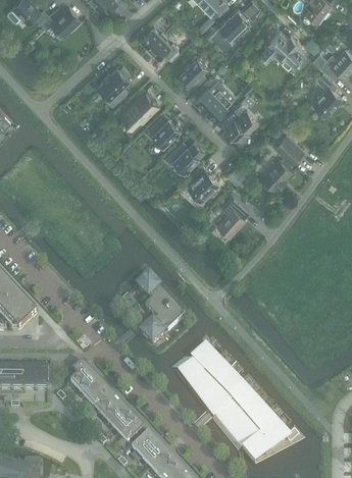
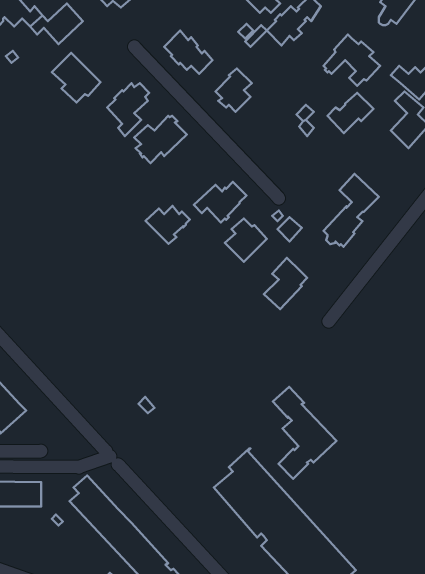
building: none -> [52,53,100,102]
building: [194,86,231,117] -> none
building: [222,109,257,140] -> [328,93,373,133]
building: [147,115,181,144] -> [145,206,190,244]
building: [136,273,184,342] -> [273,387,336,479]

